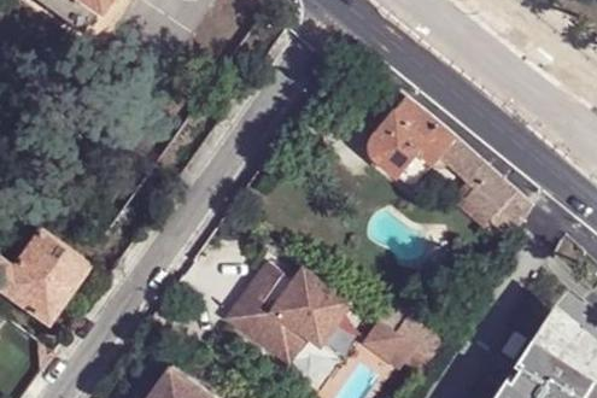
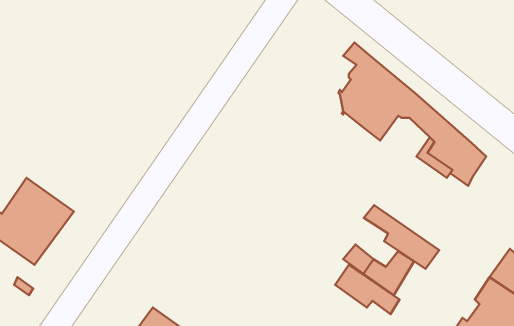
building: none -> [364,205,439,269]
building: [229,264,355,363] -> none

